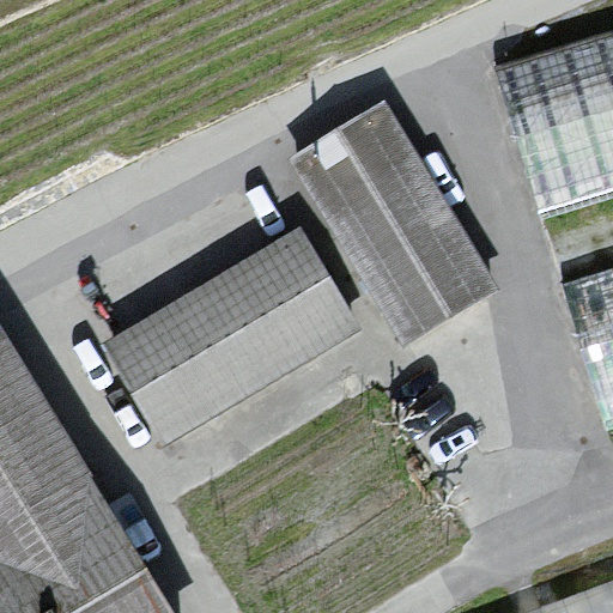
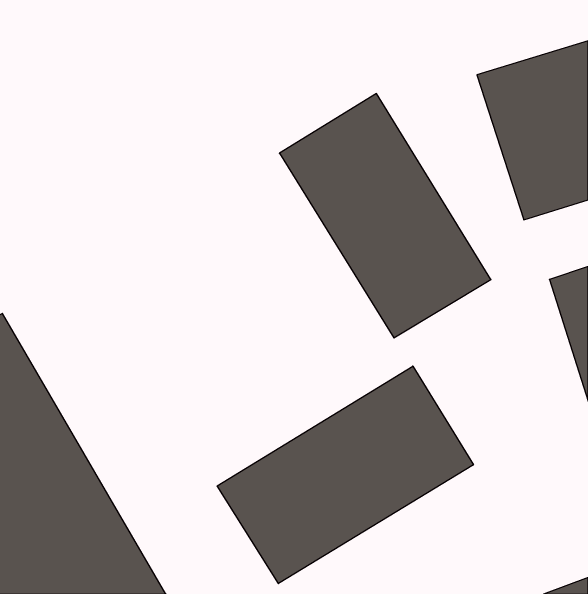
building: [107,226,362,448] -> none
building: none -> [217,366,473,584]

